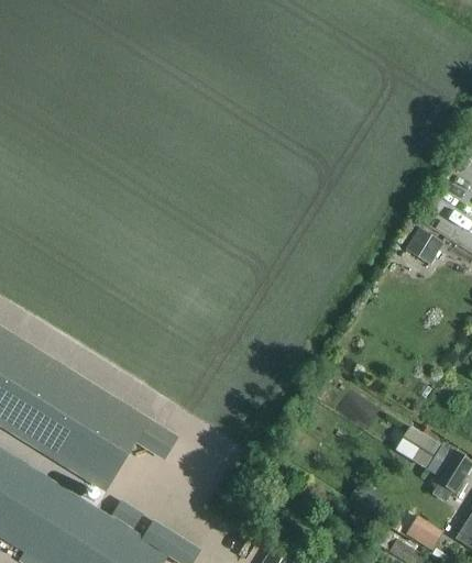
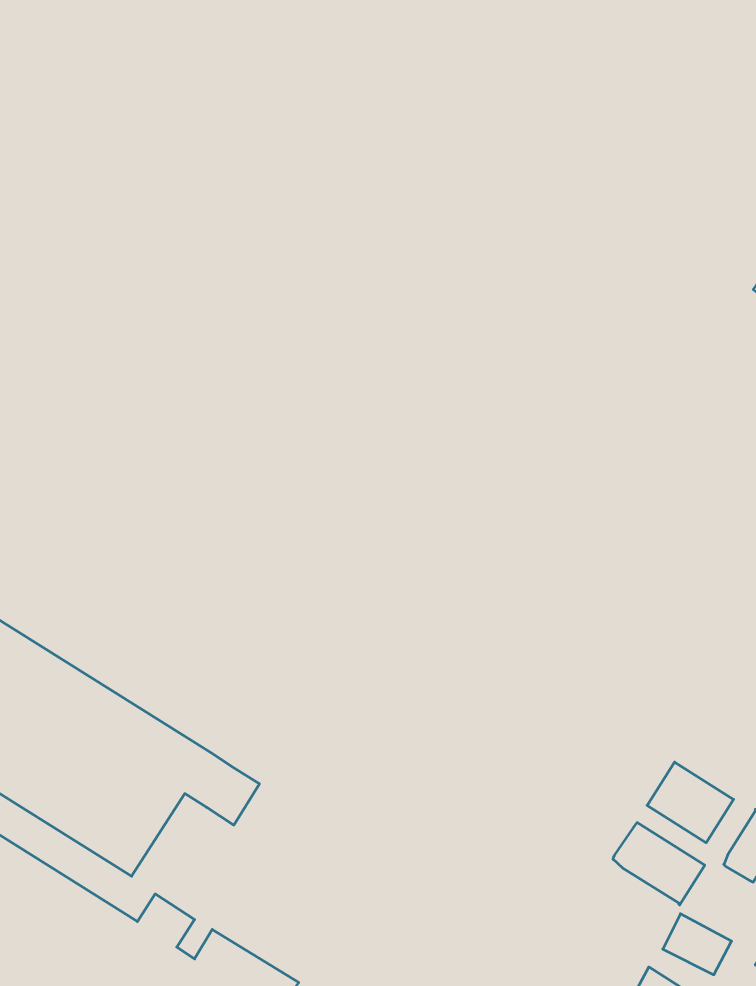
building: [403,224,440,260] -> none
building: none -> [613,823,705,905]

